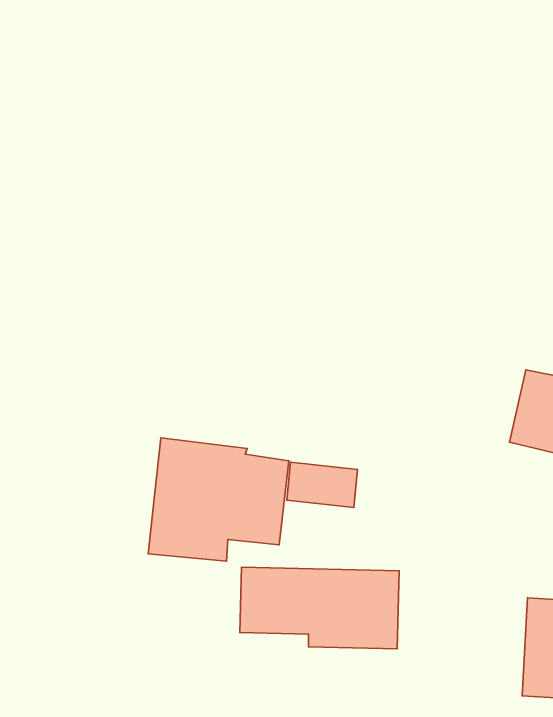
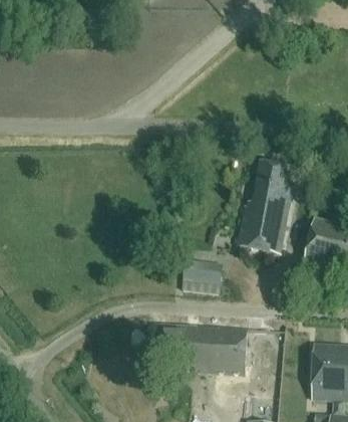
building: none -> [236,161,296,252]
building: [148,438,289,561] -> none

